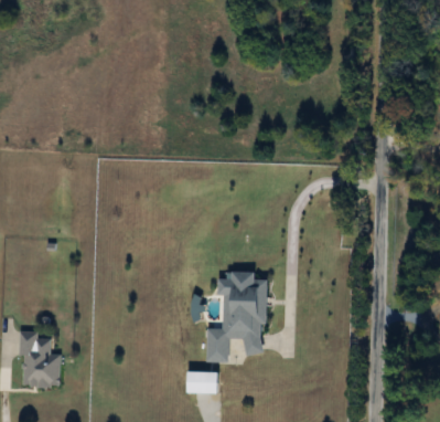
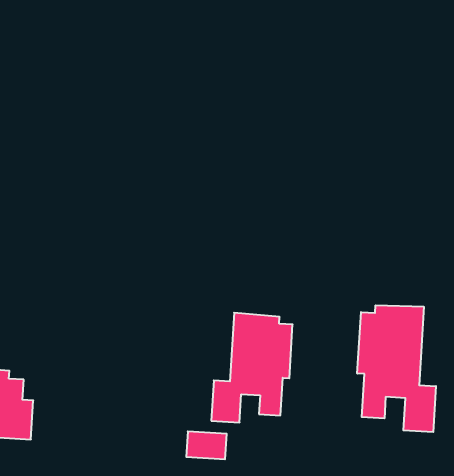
building: none -> [357,305,436,432]

